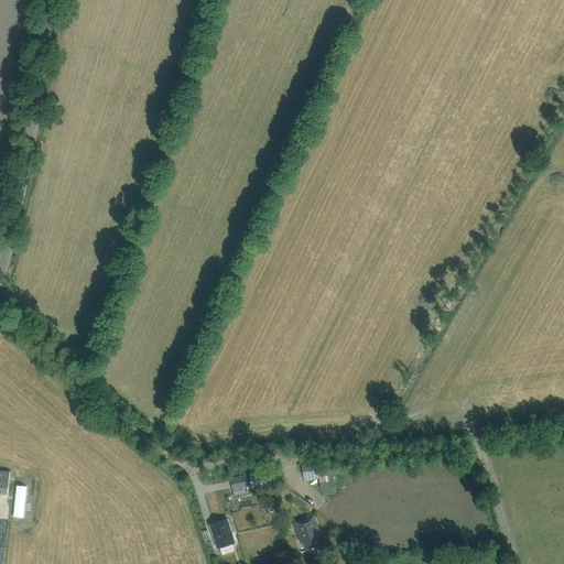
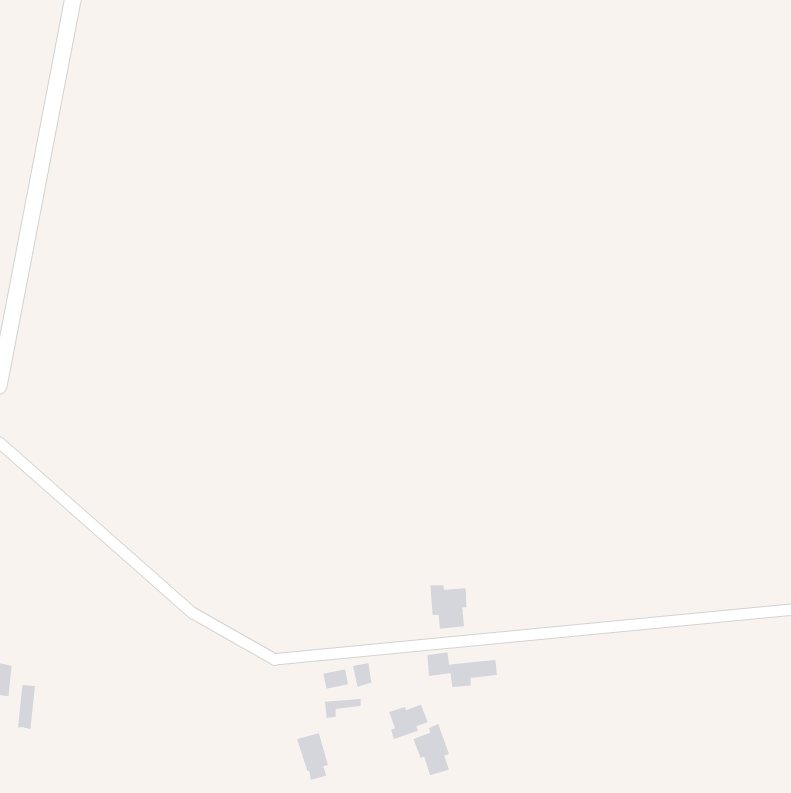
building: none -> [430,584,467,629]
building: none -> [389,704,428,740]

